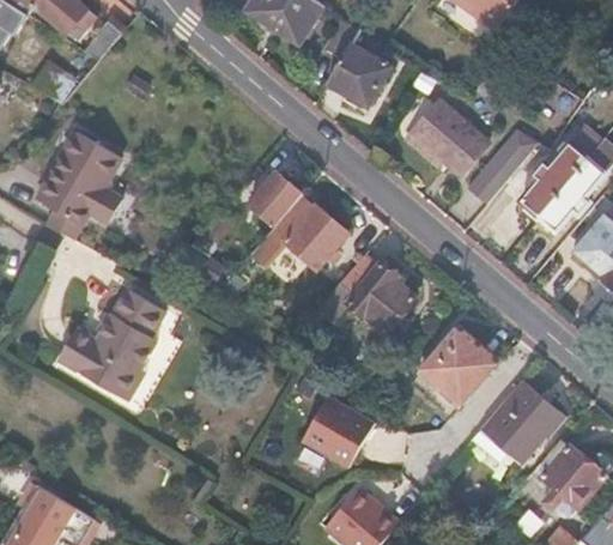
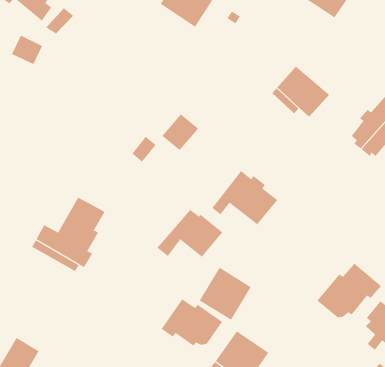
building: [327,46,389,109] -> none
building: [38,129,129,238] -> none
building: [467,133,539,206] -> none
building: [249,196,345,266] -> [156,209,223,258]
building: [418,325,496,402] -> none
building: none -> [161,299,223,347]

